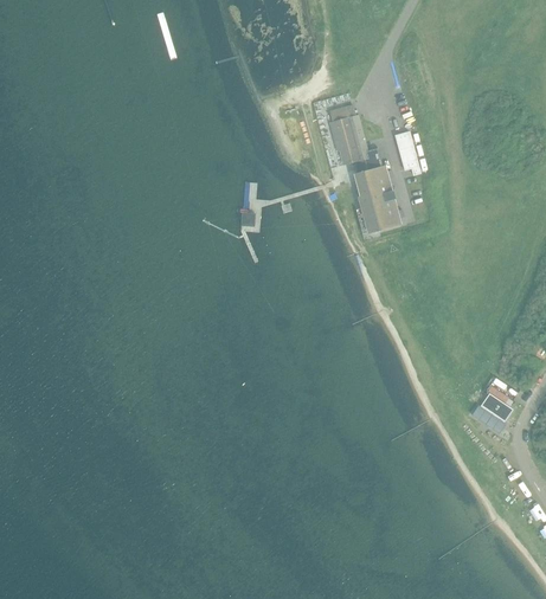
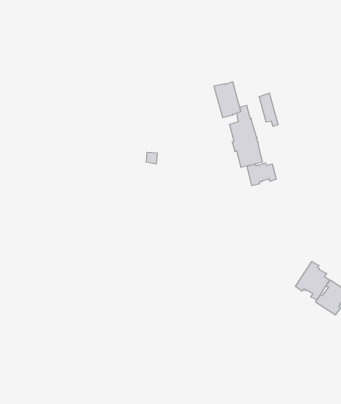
building: none -> [247,163,276,186]
building: none -> [295,261,330,300]

